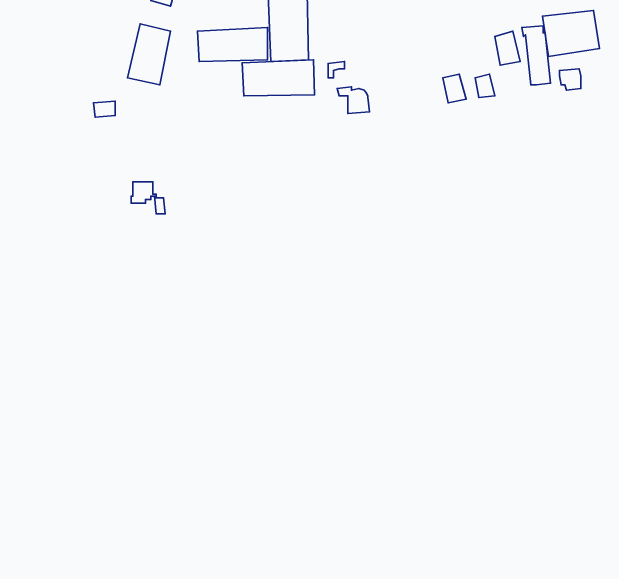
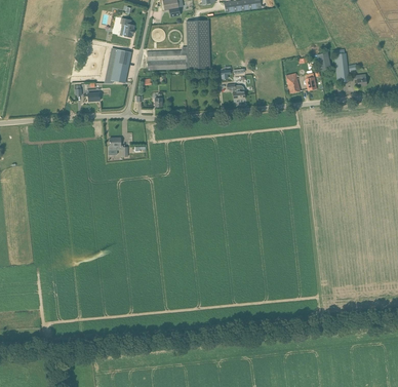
building: [543,10,599,57] -> none
building: [242,60,315,96] -> none

